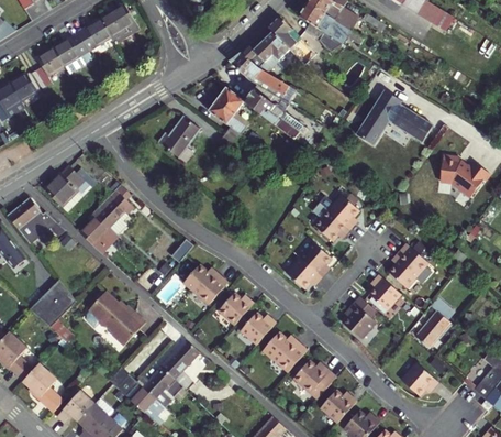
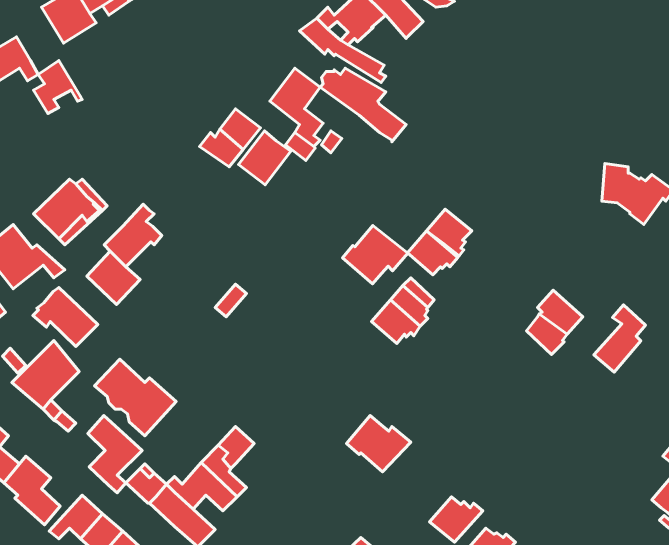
building: [31,45,65,83] -> [34,60,82,114]
building: [357,90,434,145] -> none
building: none -> [239,131,291,185]
building: none -> [343,226,408,284]
building: none -> [33,288,98,346]
building: [183,264,229,305] -> none
building: [371,276,402,310] -> none
building: [220,295,254,325] -> none
building: [345,298,379,340] -> none
building: [416,301,453,348] -> [594,305,645,372]
building: [244,315,277,345] -> none
building: none -> [88,415,142,493]
building: [293,360,336,398] -> none
building: [402,363,438,396] -> none

